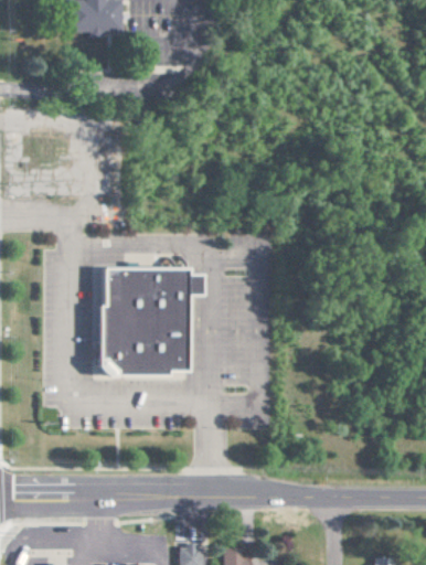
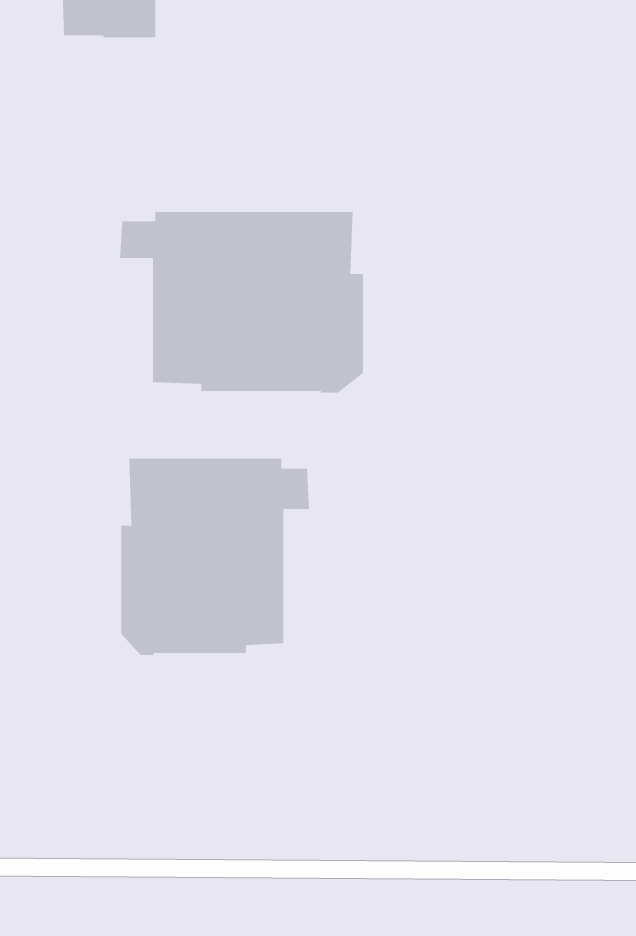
building: none -> [119,211,363,394]

